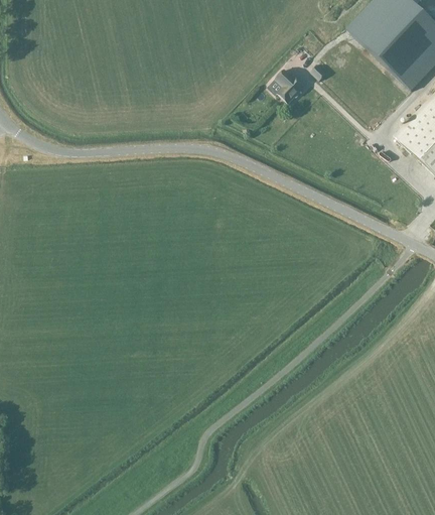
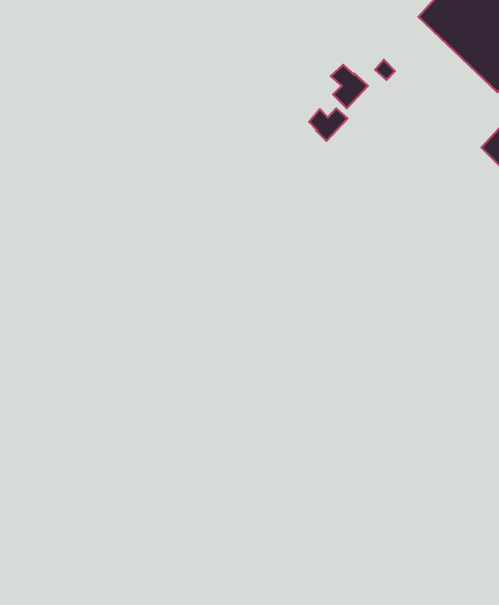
building: none -> [309,109,348,141]

